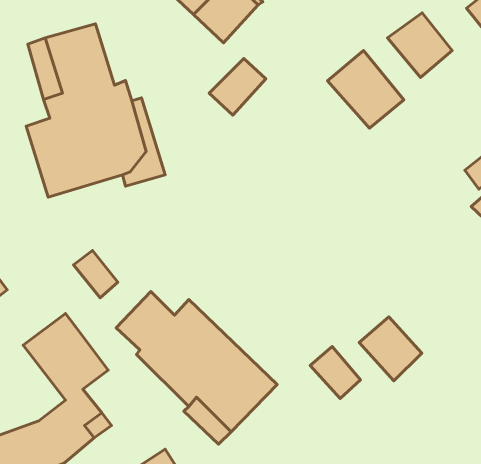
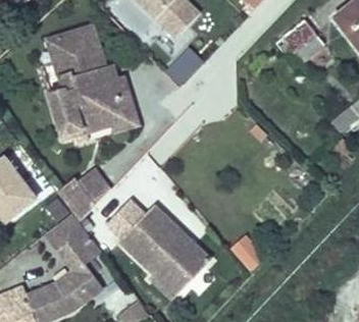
building: [327,50,404,128] -> none
building: none -> [56,177,96,222]
building: [359,317,422,381] -> none

